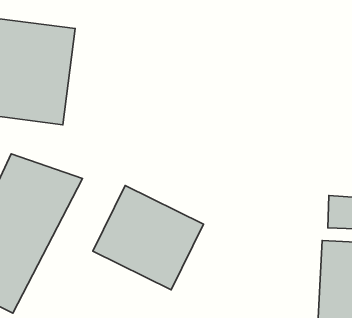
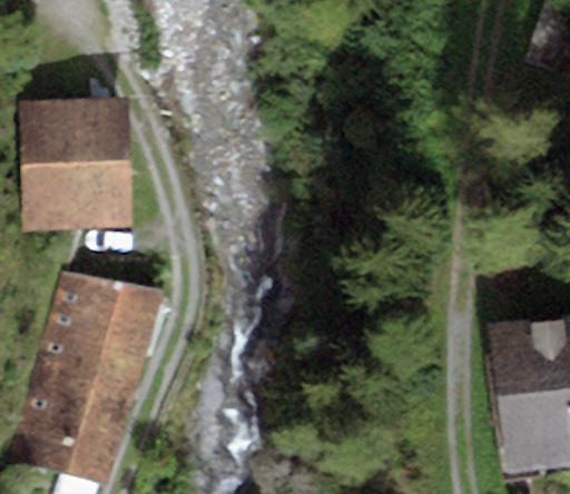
building: [93,185,204,290] -> none

